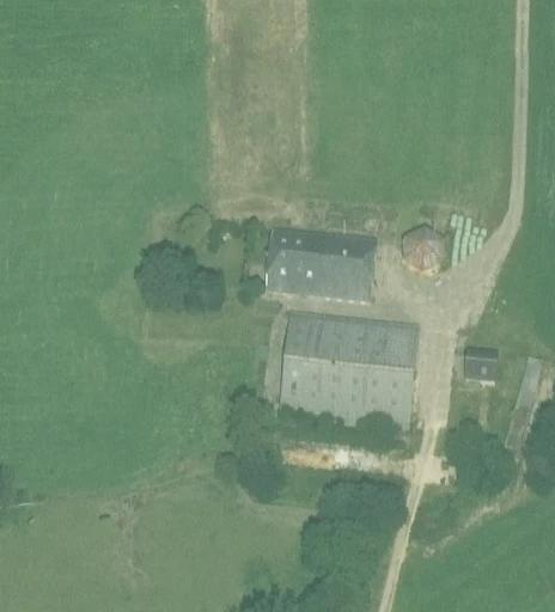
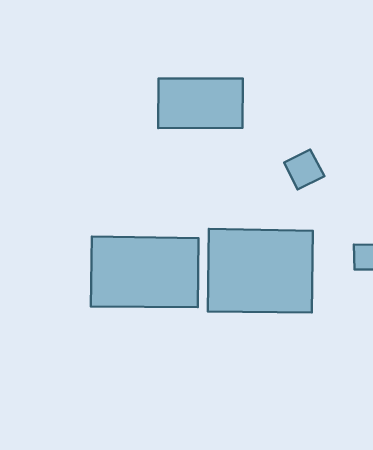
building: [266,230,376,300] -> [158,78,243,128]
building: none -> [91,236,199,307]

